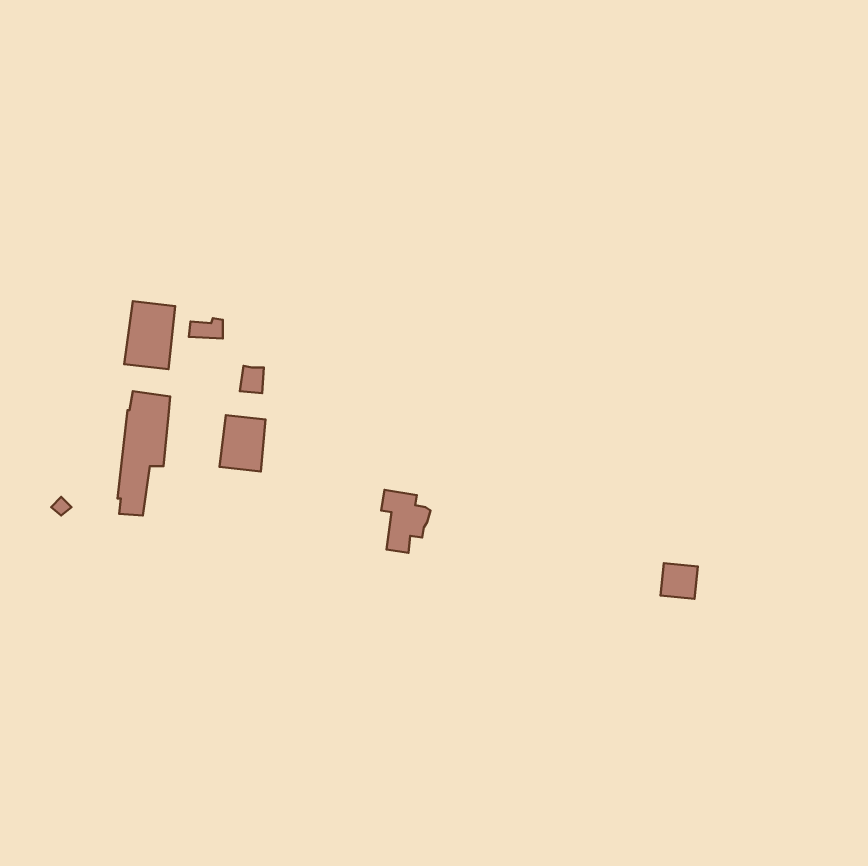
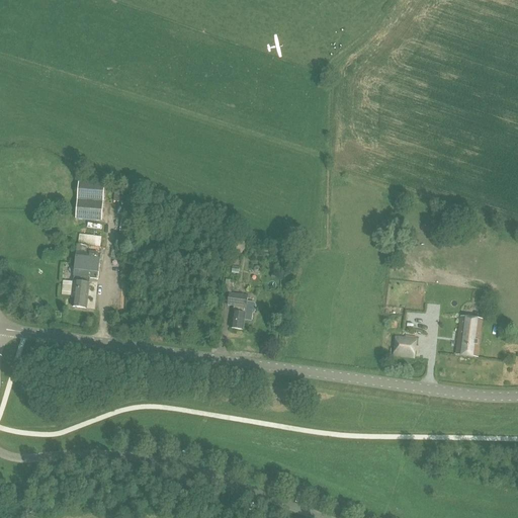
building: [220,415,266,472] -> none
building: none -> [456,316,481,355]

